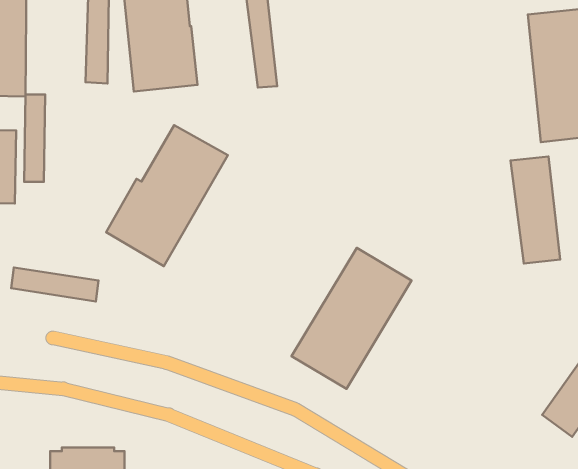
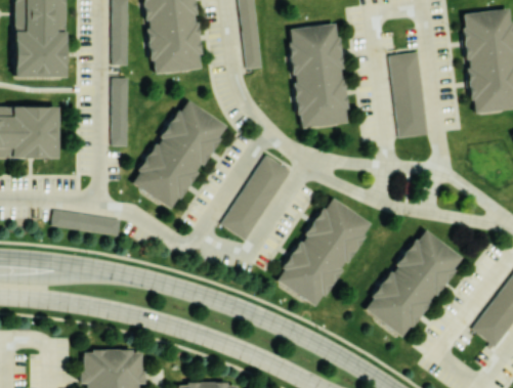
building: none -> [288,23,347,127]
building: [24,94,45,182] -> [115,79,131,147]
building: [511,156,560,263] -> [391,54,430,138]
building: none -> [223,157,293,241]
building: none -> [362,227,461,338]

